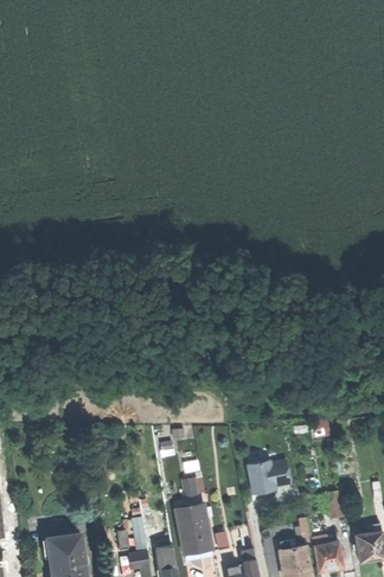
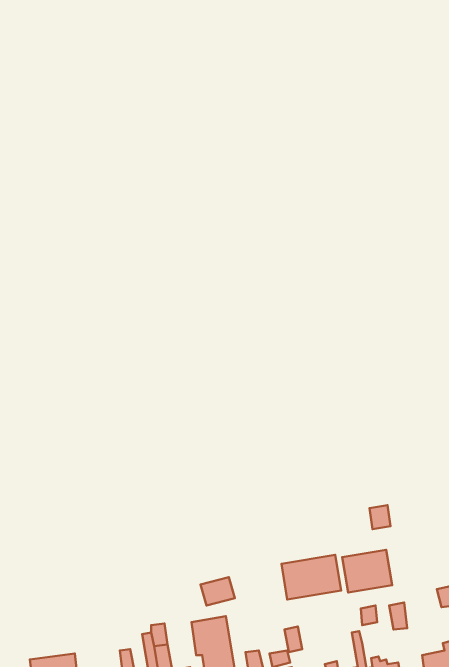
building: none -> [342,550,392,592]

